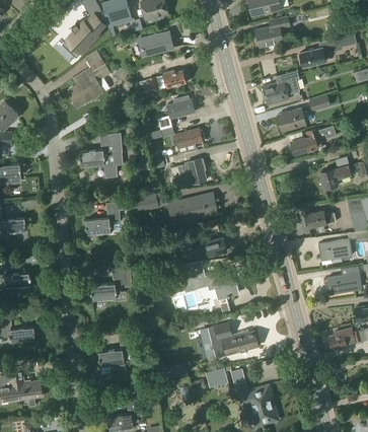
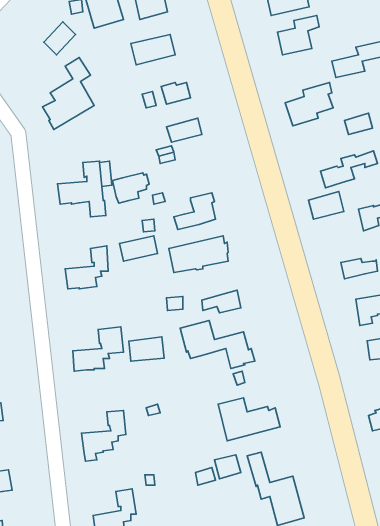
building: [277,107,305,130] -> [308,191,344,219]
building: [174,128,204,152] -> [112,173,149,203]
building: none -> [129,337,164,361]

